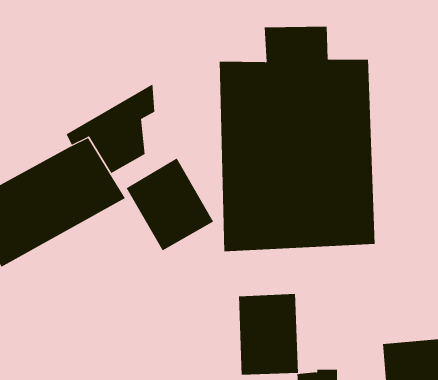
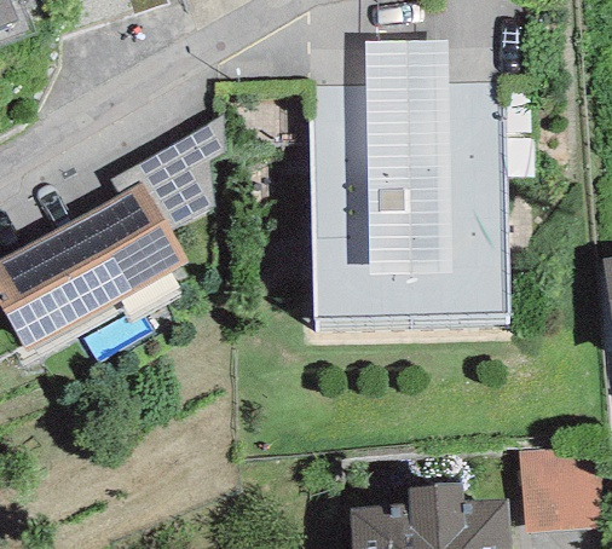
building: [126,158,214,251] -> none
building: [239,293,298,375] -> none

